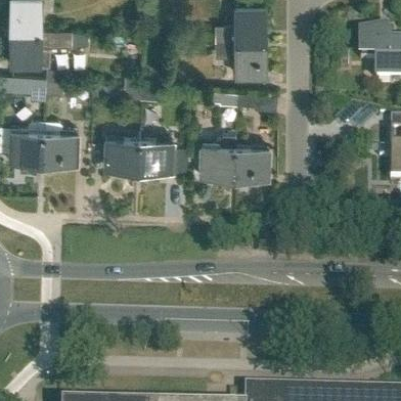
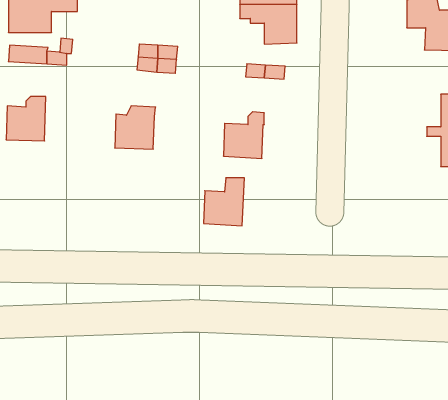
building: [44,125,79,165] -> none
building: [139,131,175,173] -> [204,178,244,226]
building: [234,149,269,180] -> none

